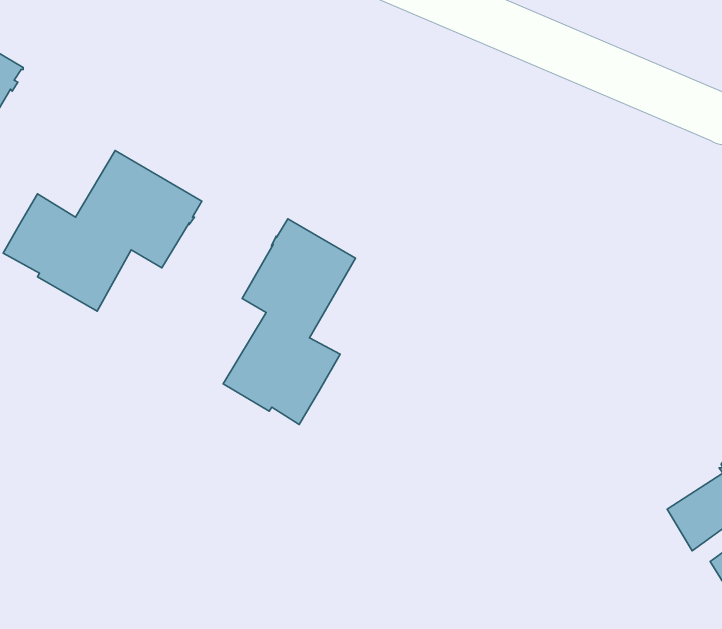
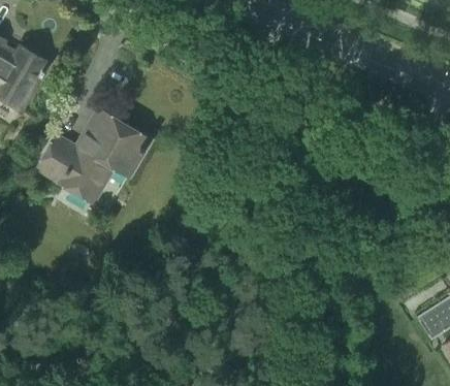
building: [223,219,356,424] -> none

